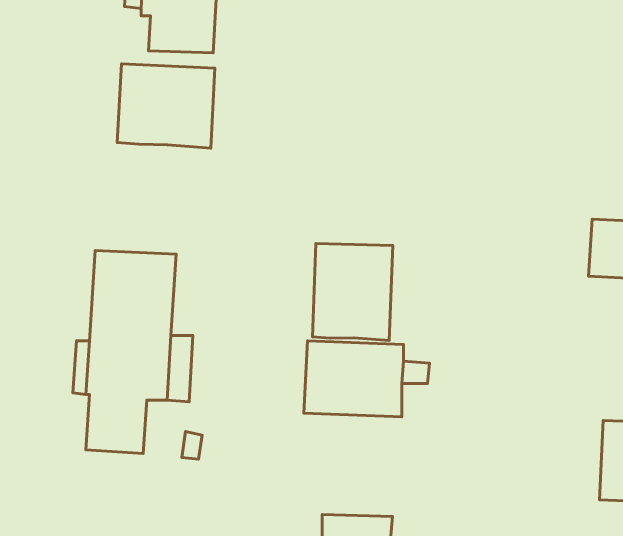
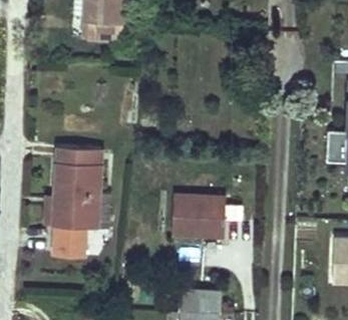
building: [117,64,215,148] -> none
building: [312,243,393,340] -> none

